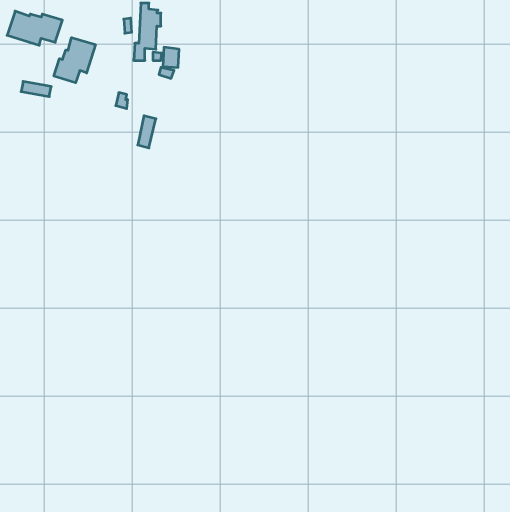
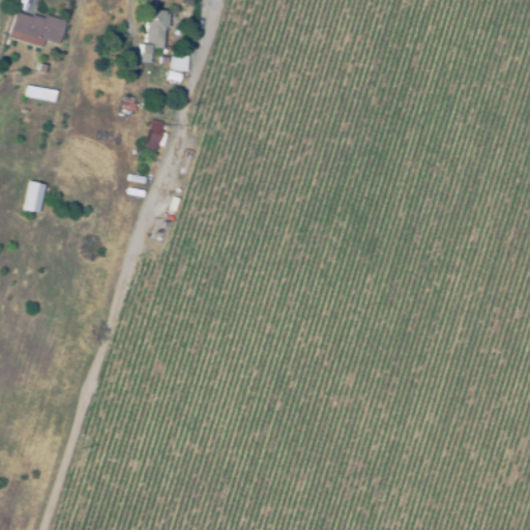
building: [54,38,95,83] -> none
building: none -> [24,181,48,213]

